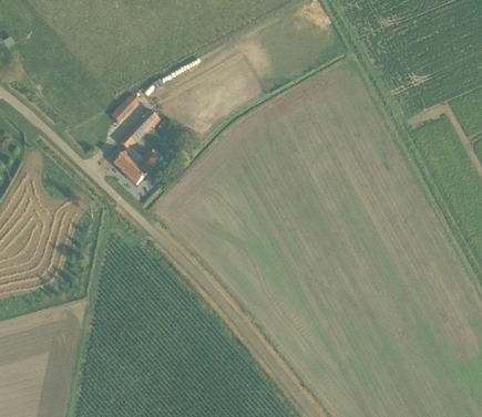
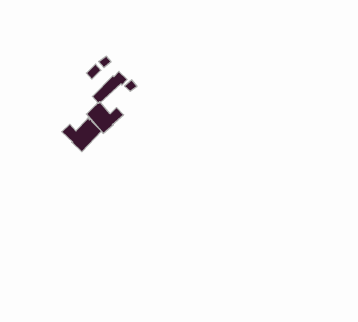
building: none -> [62,118,101,152]

